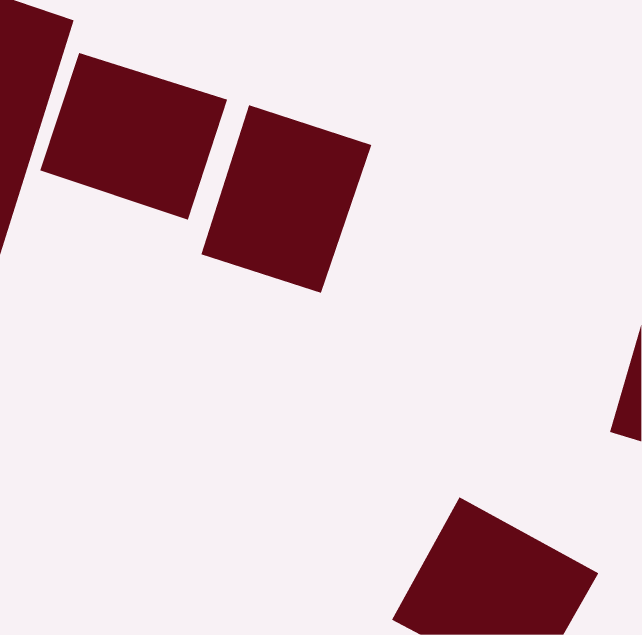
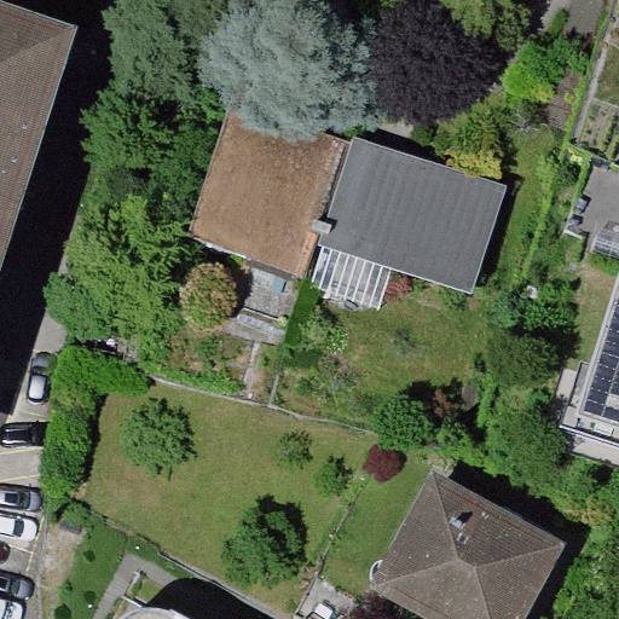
building: [39,52,228,221] -> none
building: none -> [308,139,510,306]

